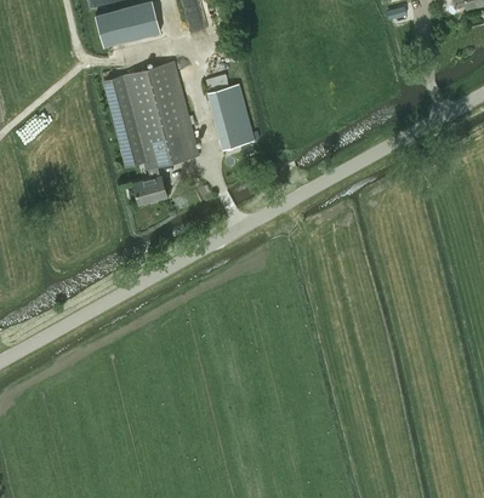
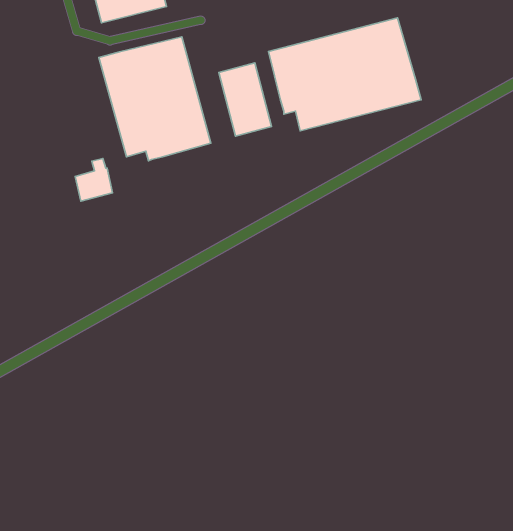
building: none -> [269,18,421,131]
building: [133,166,166,204] -> [75,158,113,201]

